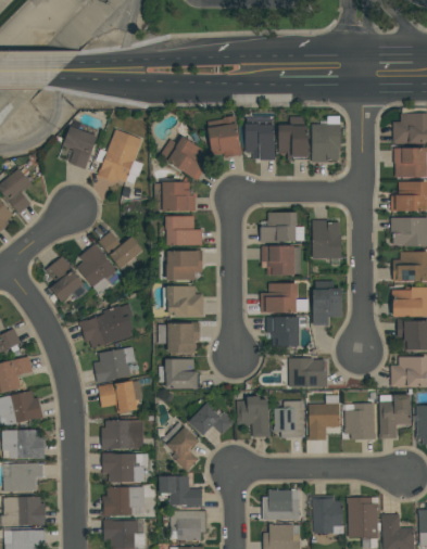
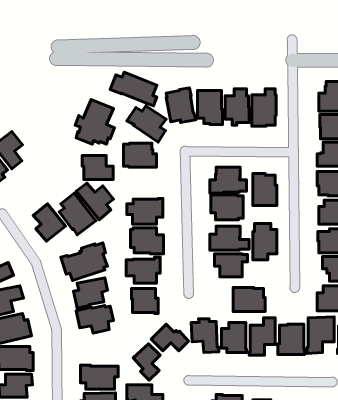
building: none -> [110,72,157,106]
building: [62,125,97,169] -> none
building: [164,216,202,245] -> [82,155,113,180]
building: [101,420,142,449] -> none

